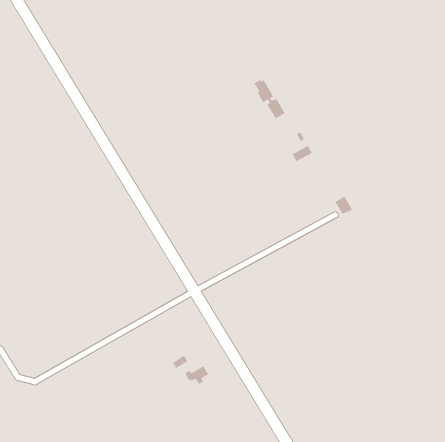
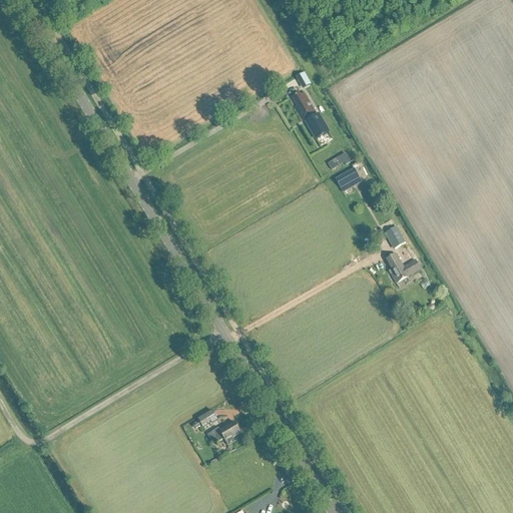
building: none -> [387,252,421,282]

